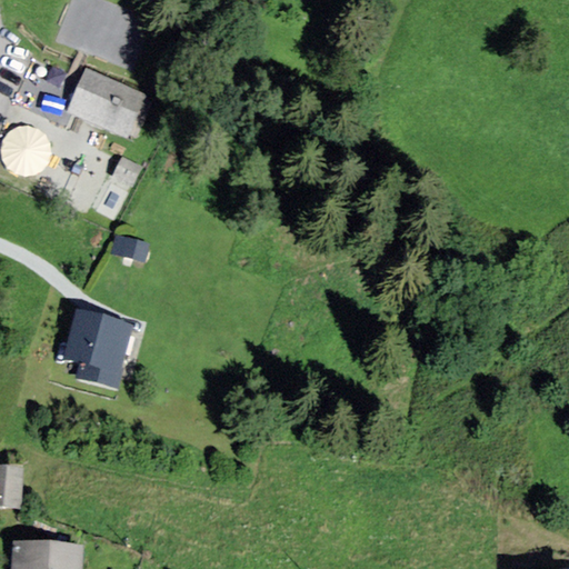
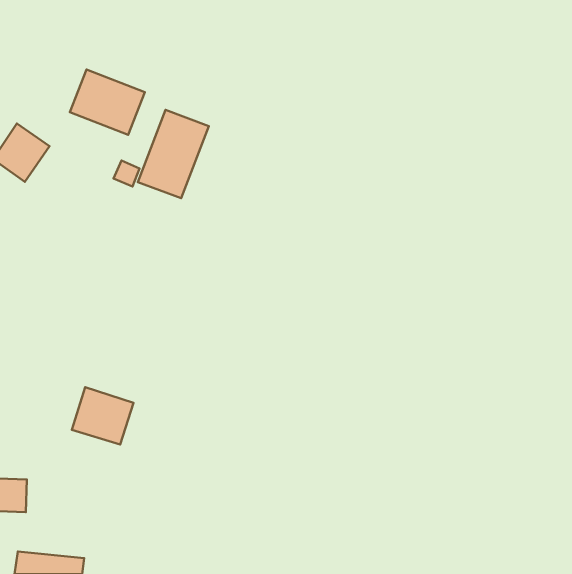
building: none -> [138,110,209,198]
building: [63,316,124,372] -> [72,387,134,445]

